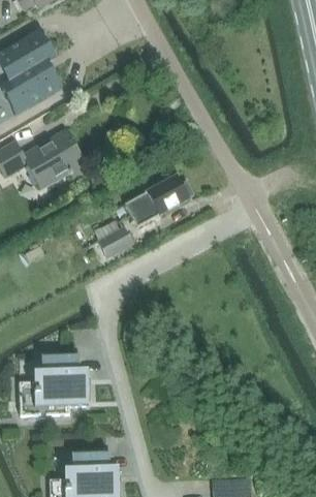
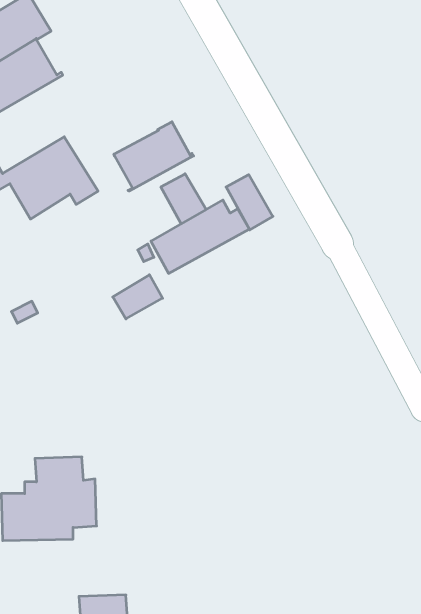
building: none -> [114,122,194,191]
building: none -> [161,174,206,224]
building: none -> [226,175,273,230]

